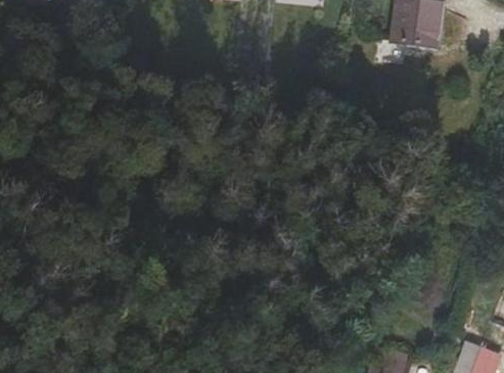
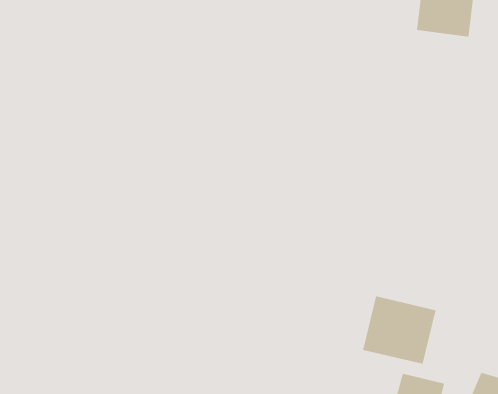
building: none -> [363,296,436,365]

